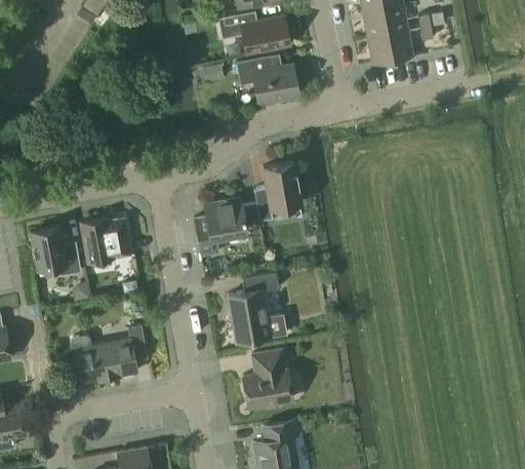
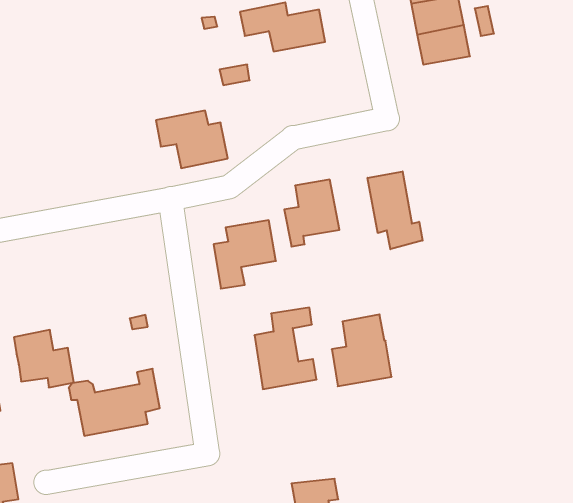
building: [237,53,298,103] -> [156,111,228,168]
building: none -> [368,171,423,249]
building: [81,218,130,263] -> none
building: [31,226,82,275] -> [14,330,74,387]
building: [242,346,293,407] -> [332,314,392,386]

